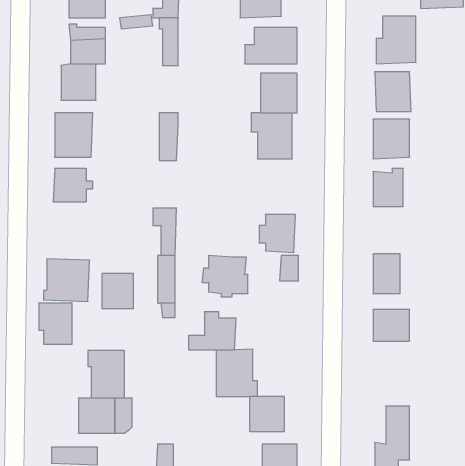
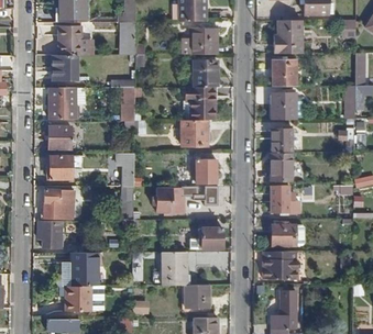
building: none -> [180,120,208,146]
building: none -> [271,153,292,181]
building: [102,274,134,308] -> [50,156,72,180]
building: [189,312,236,350] -> [190,223,223,249]
building: none -> [263,252,297,279]

